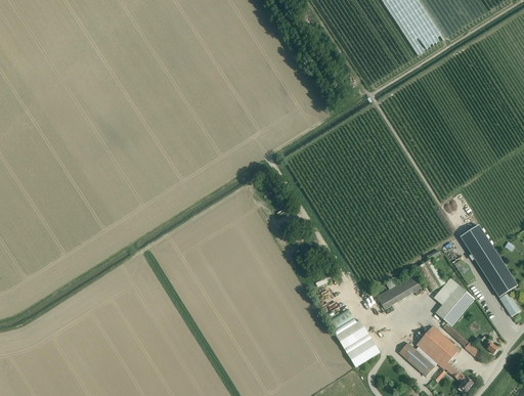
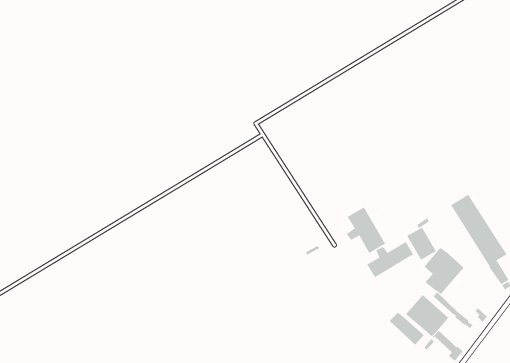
building: none -> [346,207,386,254]
building: [336,320,368,349] -> none
building: [347,338,380,367] -> none

